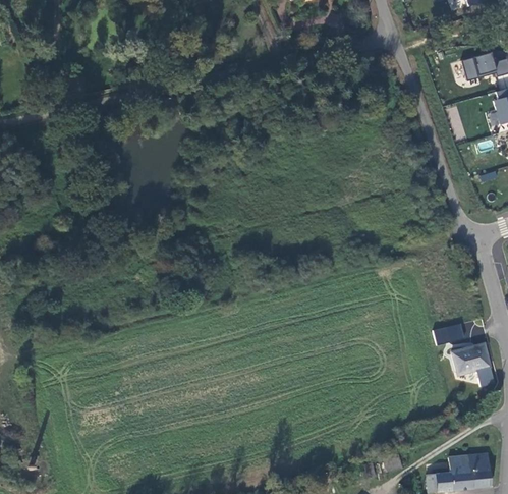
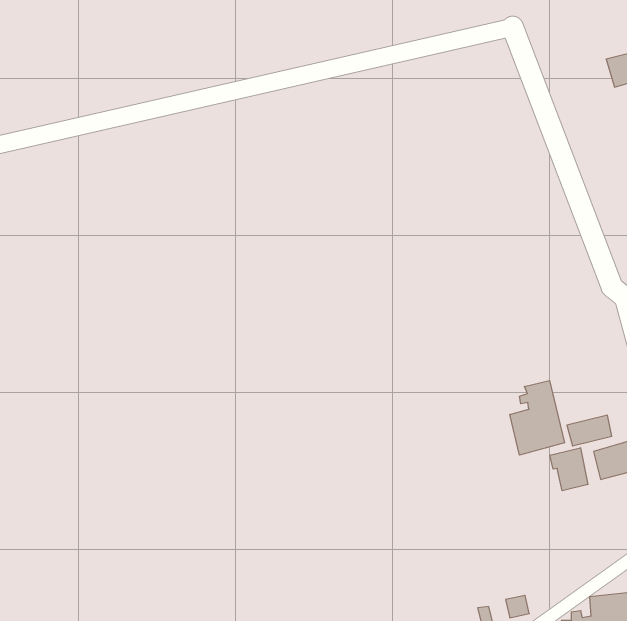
building: none -> [510,381,564,455]
building: none -> [550,448,588,491]

